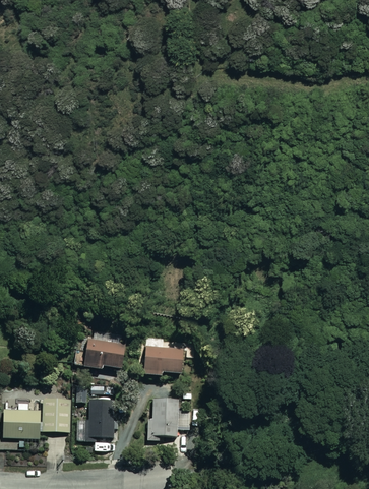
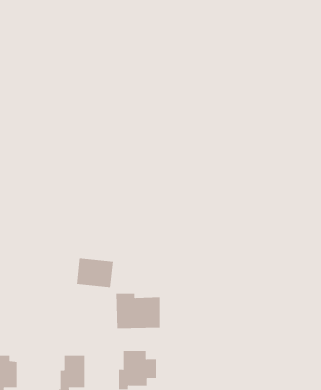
building: [84,338,125,370] -> [76,258,114,288]
building: [42,399,70,432] -> none

